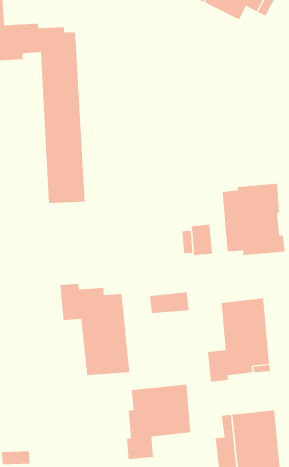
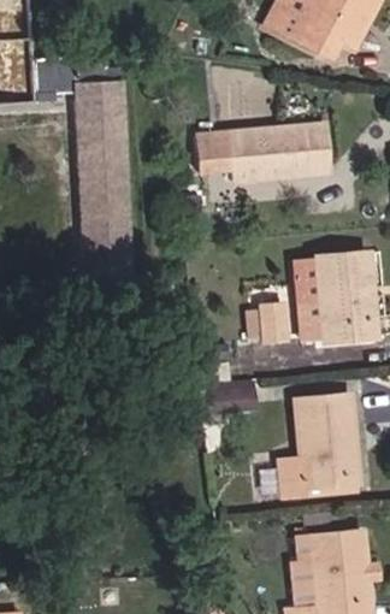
building: none -> [196,123,331,179]
building: [60,283,130,376] -> none
building: [126,384,191,460] -> none

